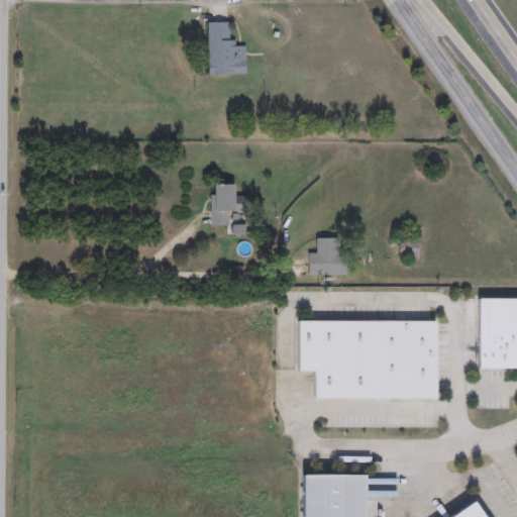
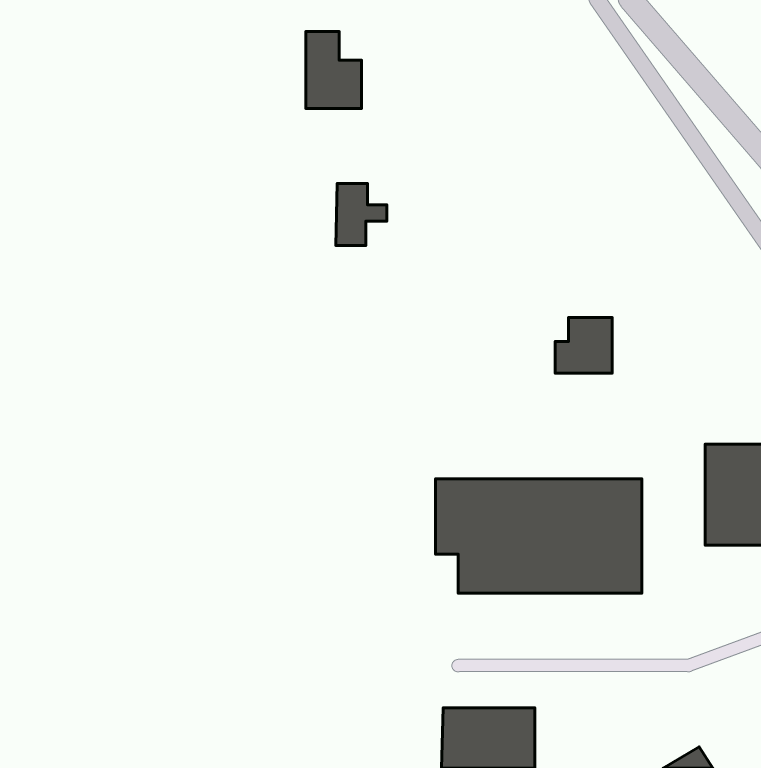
building: [214,184,248,225] -> [336,184,387,245]
building: [310,237,348,275] -> [555,318,612,373]

